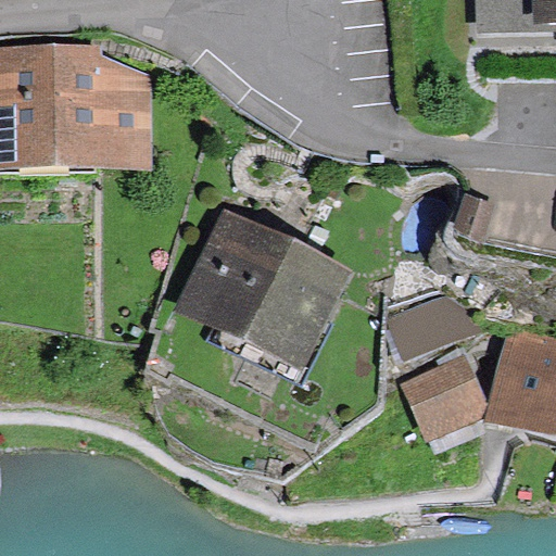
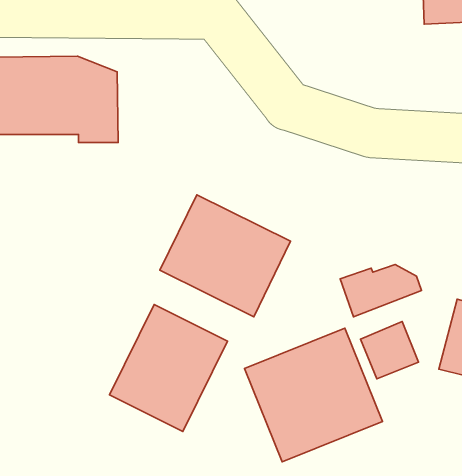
building: none -> [110,304,227,432]
building: none -> [244,328,383,462]

